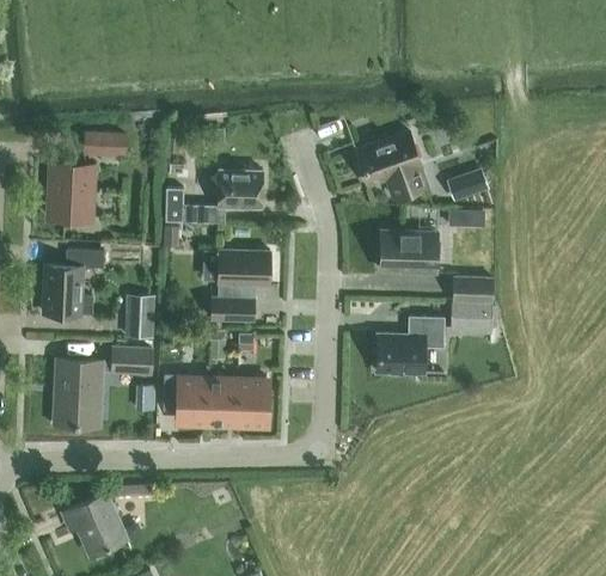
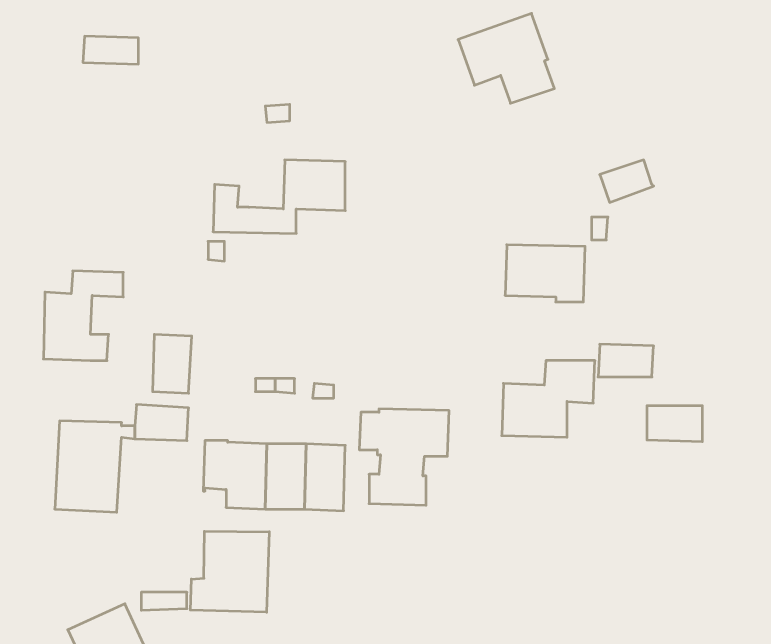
building: [359,131,429,197] -> [458,13,554,103]
building: [84,135,124,155] -> [83,36,138,64]
building: [48,167,92,221] -> none
building: [208,250,274,320] -> [359,409,449,505]
building: [454,278,495,305] -> [647,406,702,442]
building: none -> [190,531,269,612]

